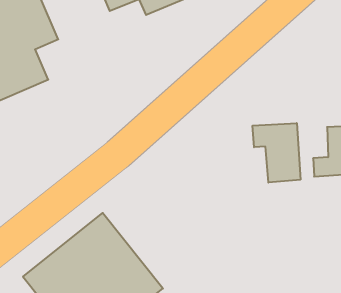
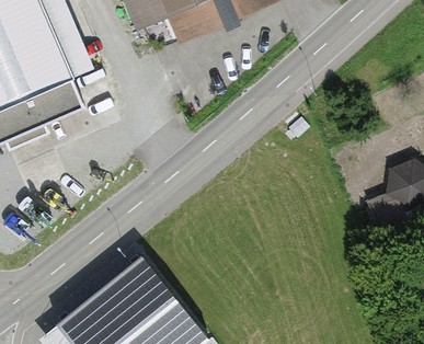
building: [253,123,300,183] -> none

